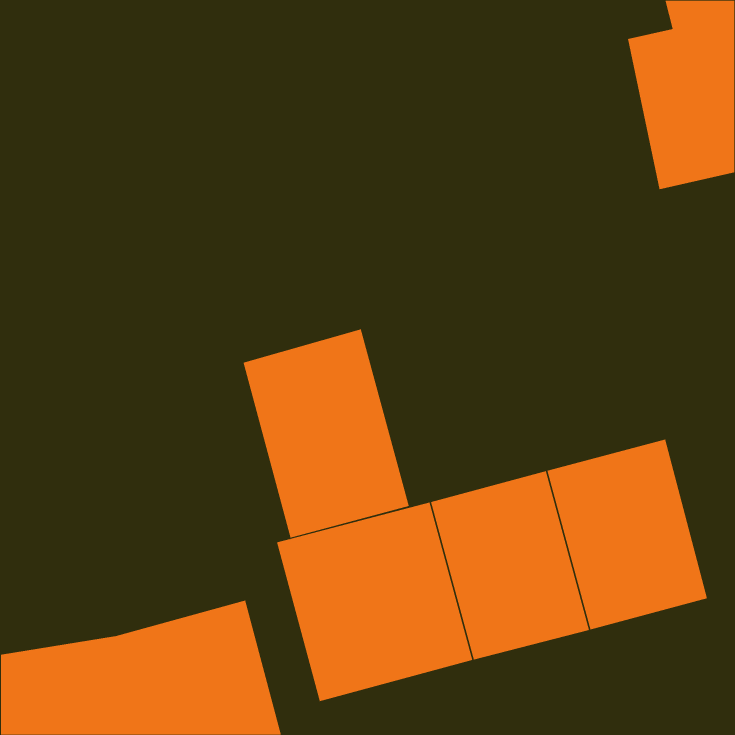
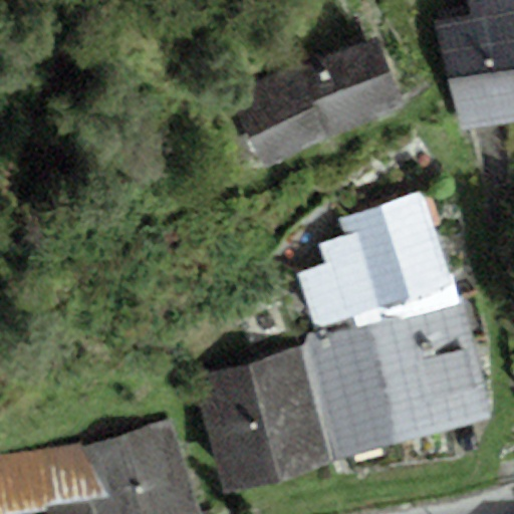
building: none -> [232,38,404,169]
building: none -> [298,197,454,326]
building: [243,329,409,539] -> none

